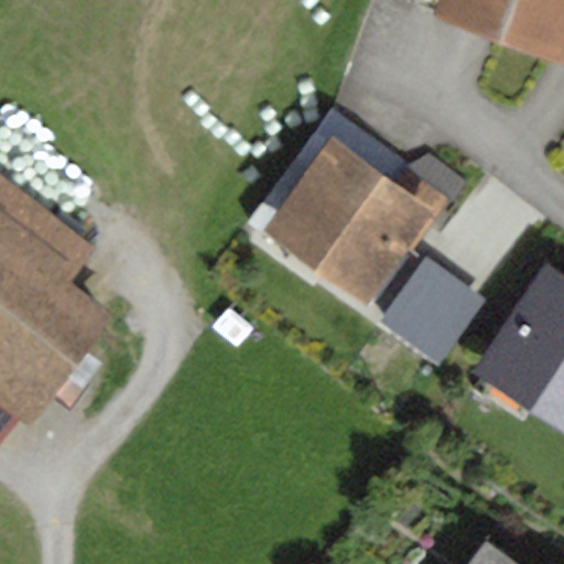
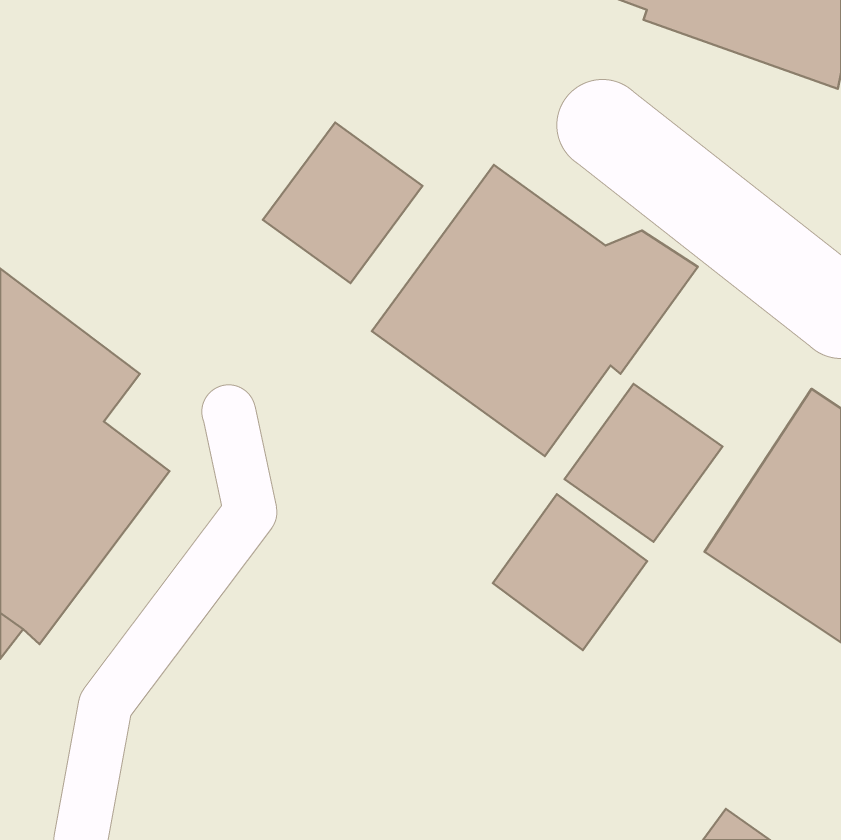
building: none -> [263,122,423,283]
building: none -> [493,494,647,650]

